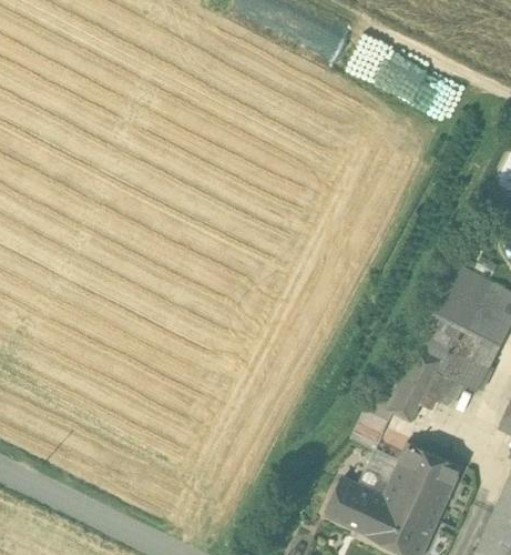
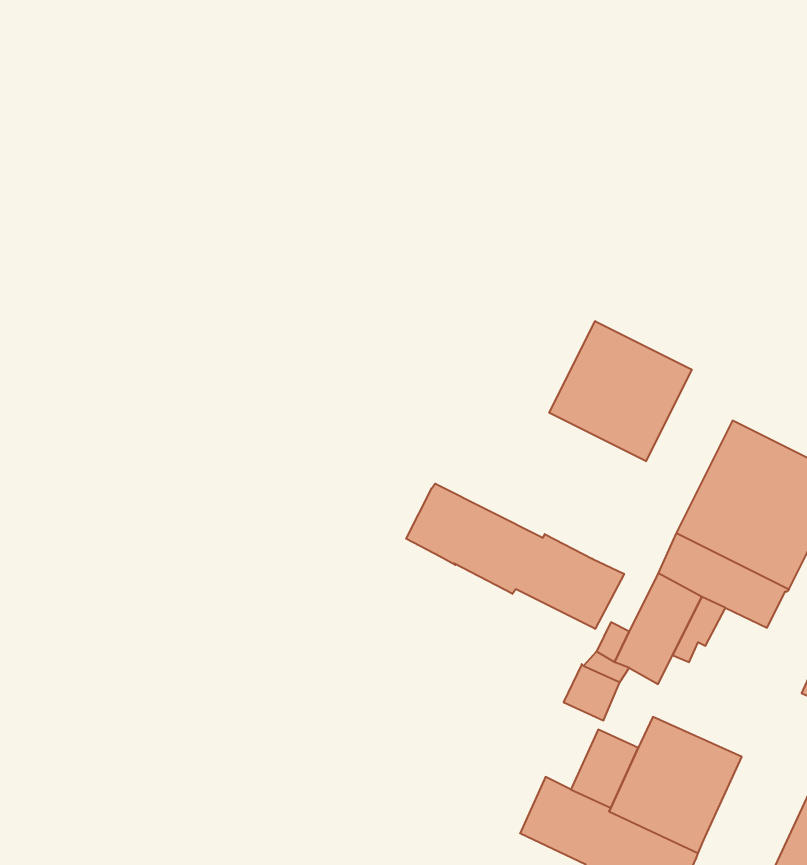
building: none -> [549,321,692,461]
building: none -> [406,484,624,629]

